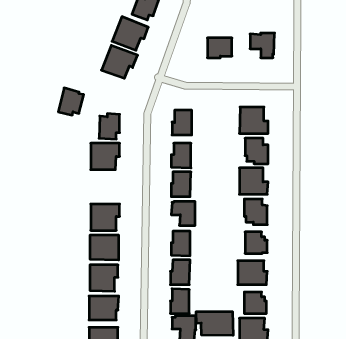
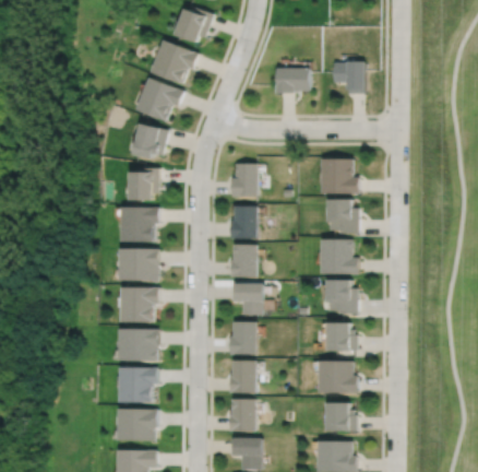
building: [58,88,84,115] -> [135,121,169,157]
building: none -> [121,248,160,281]
building: [196,312,233,335] -> none

